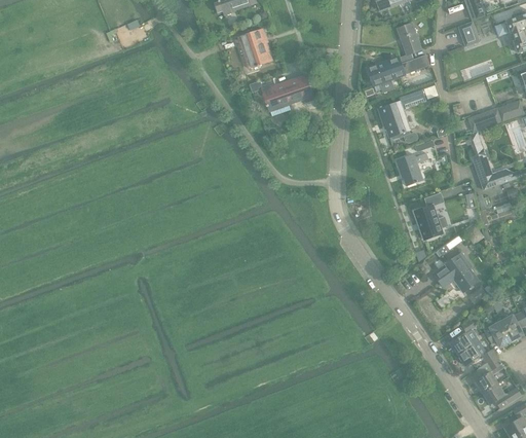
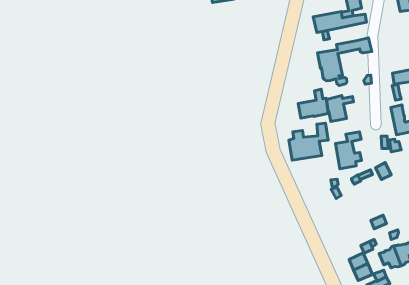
building: [249,74,312,115] -> none
building: none -> [298,89,328,118]
building: none -> [289,123,328,160]
building: [433,252,479,292] -> none

